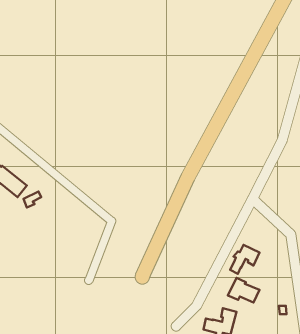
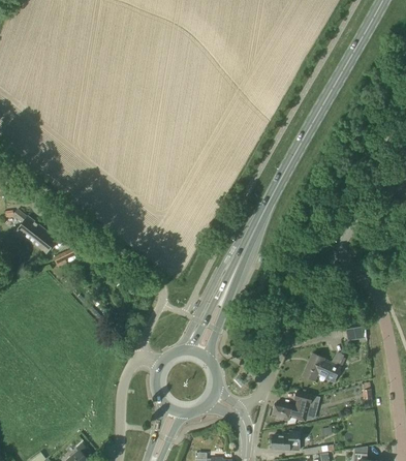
building: [230,245,260,274] -> none

